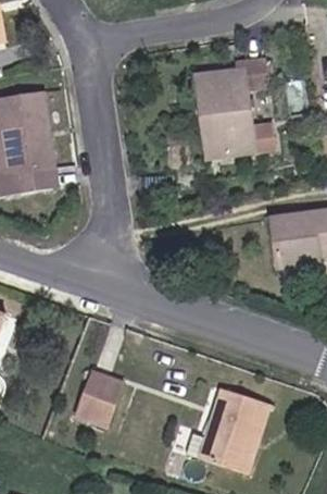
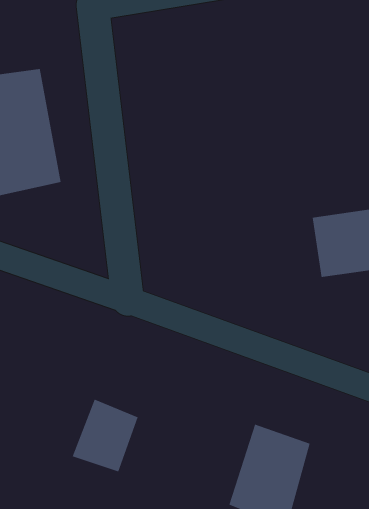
building: [192,58,276,160] -> none

